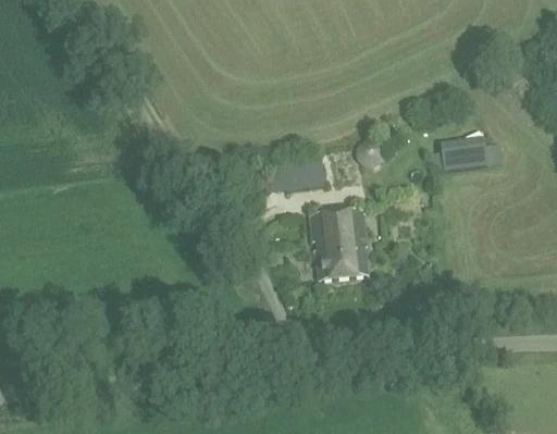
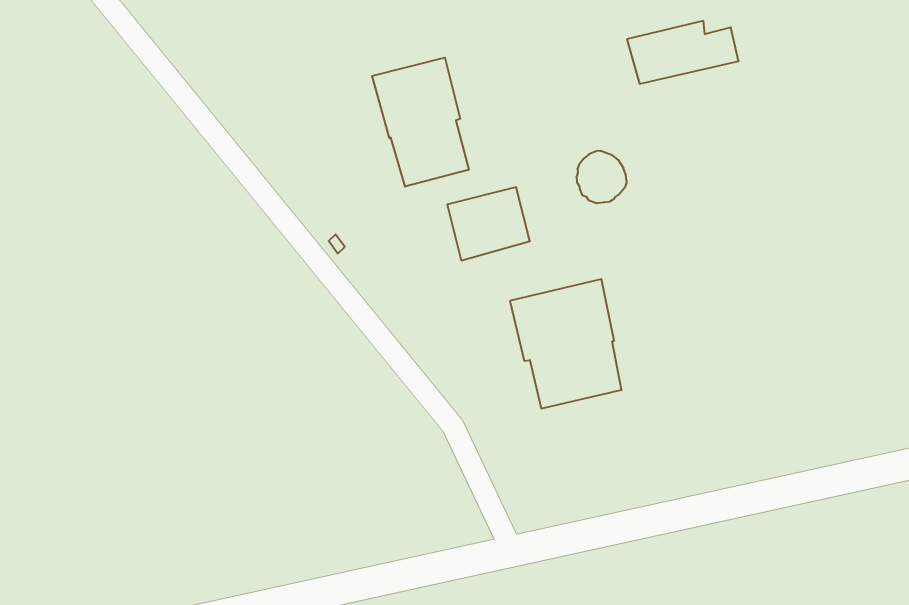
building: none -> [372,58,469,187]
building: [440,136,502,168] -> [627,21,739,84]

